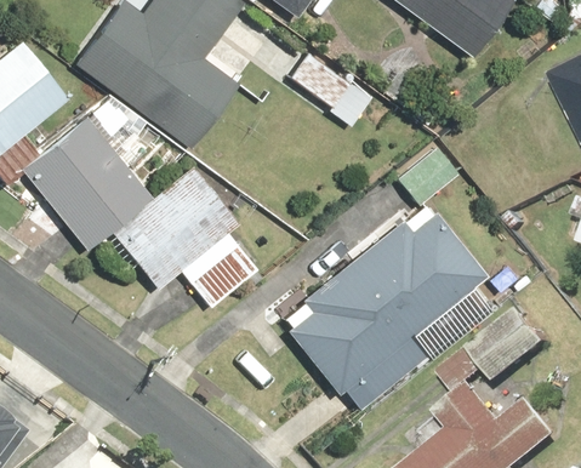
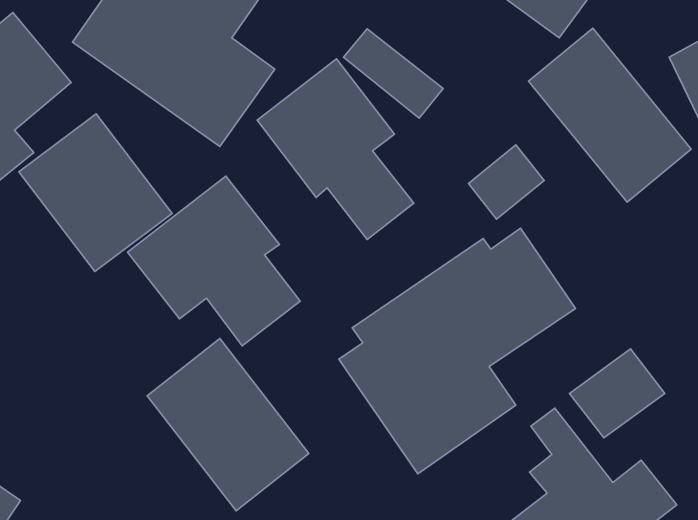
building: none -> [529,28,691,202]
building: none -> [257,59,414,239]
building: none -> [147,339,309,511]

